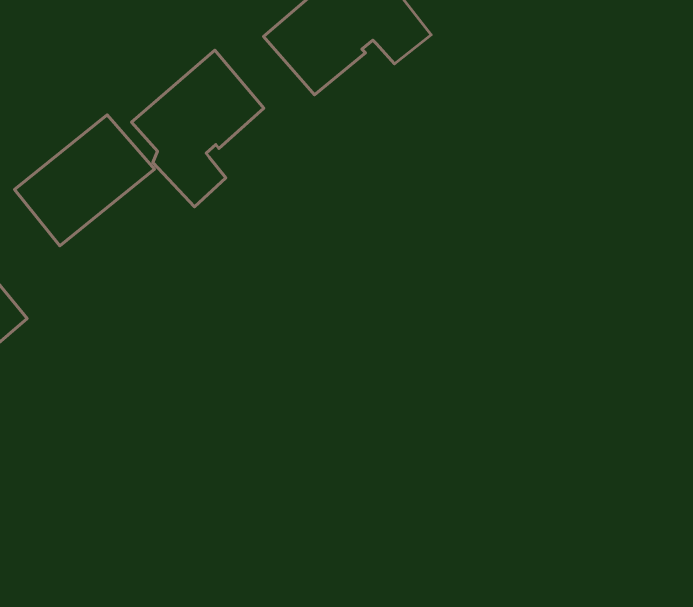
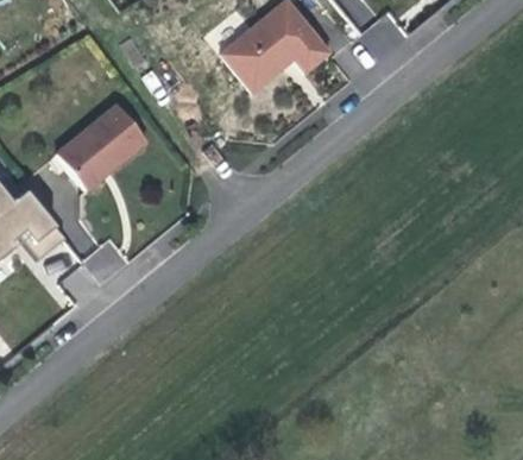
building: [131,50,264,207] -> none

